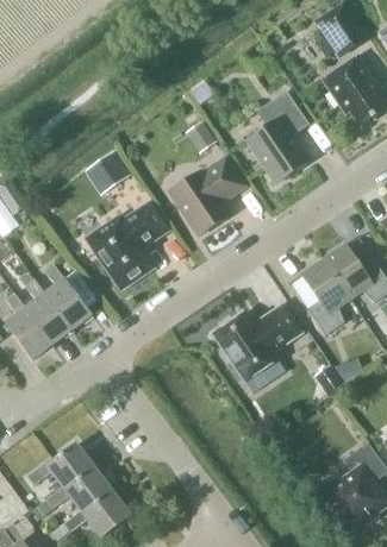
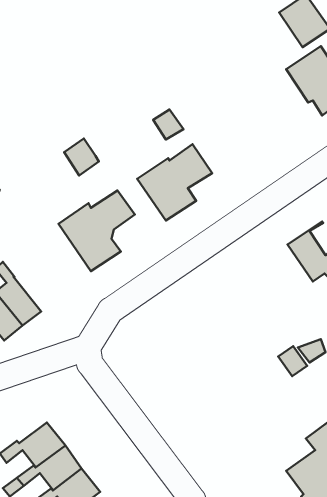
building: [246,92,310,183] -> none
building: [288,259,350,334] -> none
building: [42,262,92,328] -> none
building: [214,304,301,381] -> none

